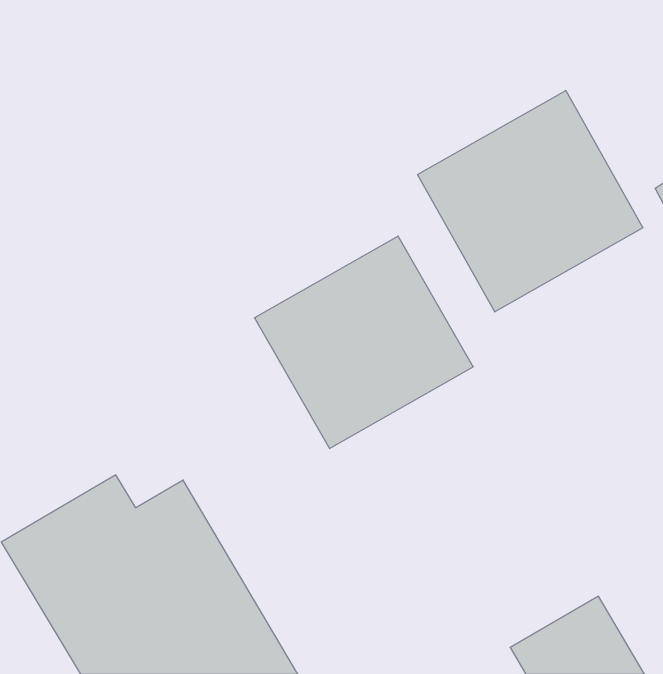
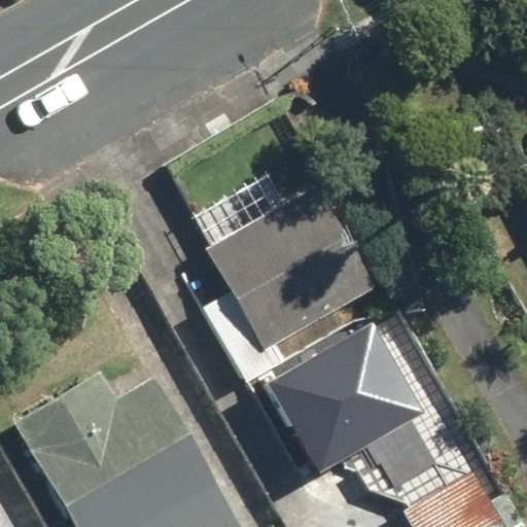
building: [418,90,643,312] -> none
building: none -> [254,314,428,483]

